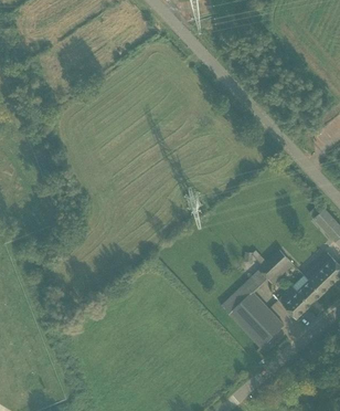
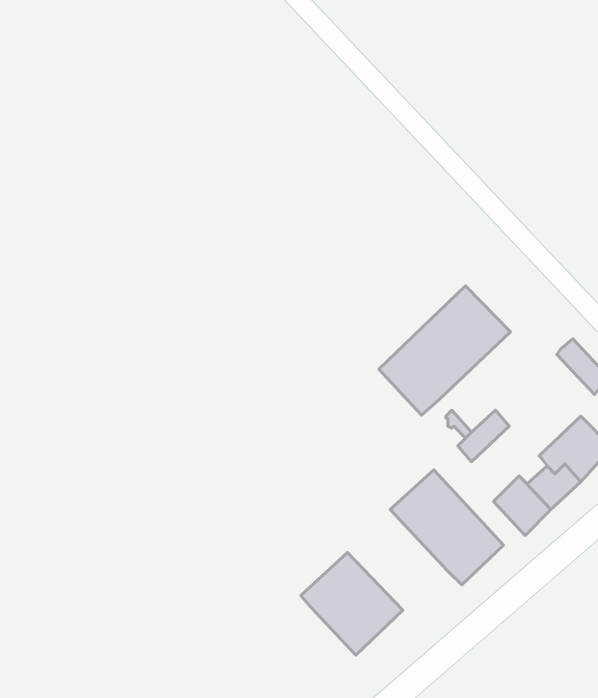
building: none -> [379,286,510,415]
building: none -> [301,552,403,655]

